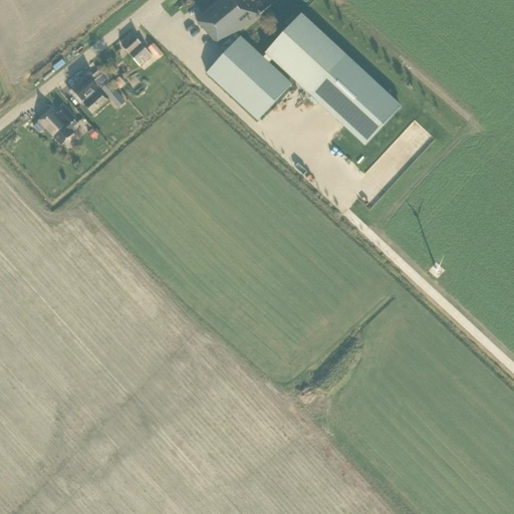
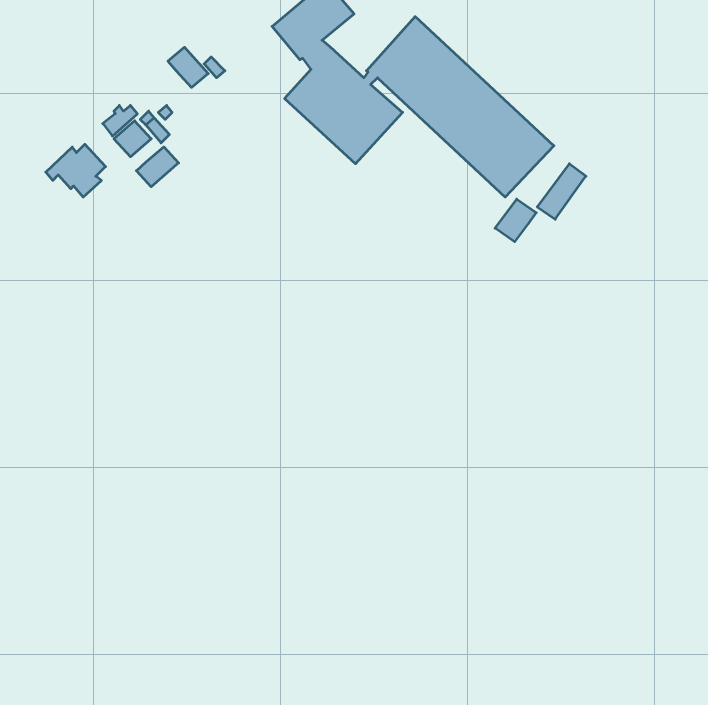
building: none -> [136,147,179,187]
building: none -> [495,199,536,242]

